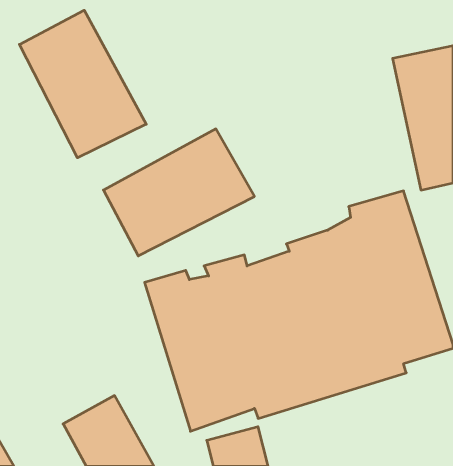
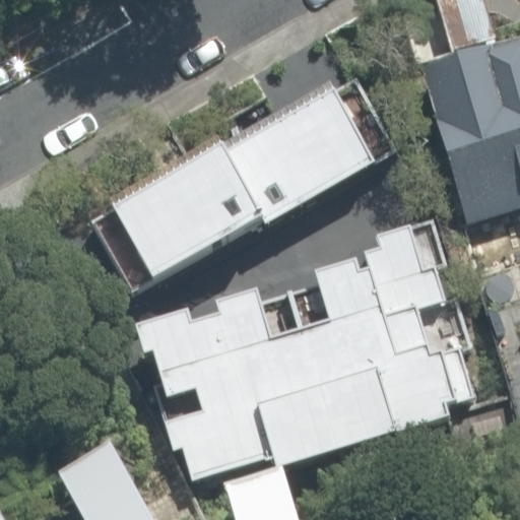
building: [19,10,146,158] -> none
building: none -> [240,87,388,218]

